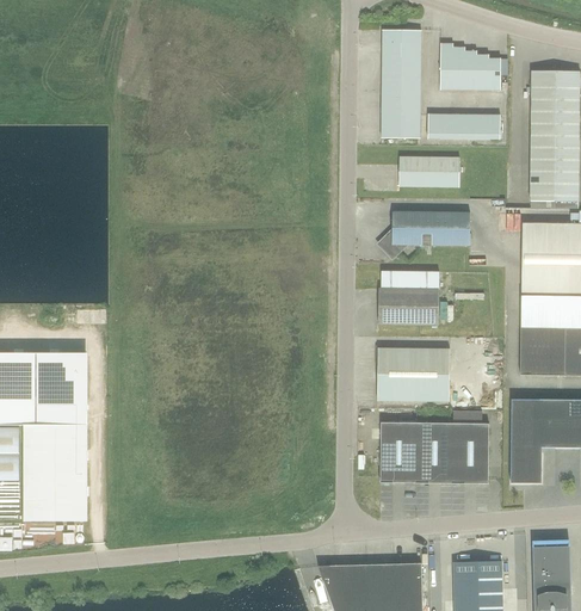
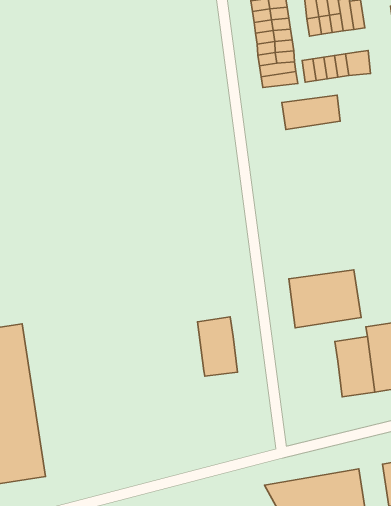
building: [379,212,470,257] -> none
building: [379,271,440,325] -> none
building: [381,422,418,483] -> [198,317,237,376]

